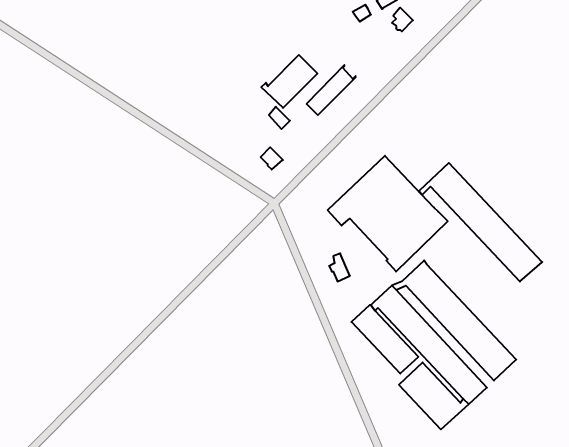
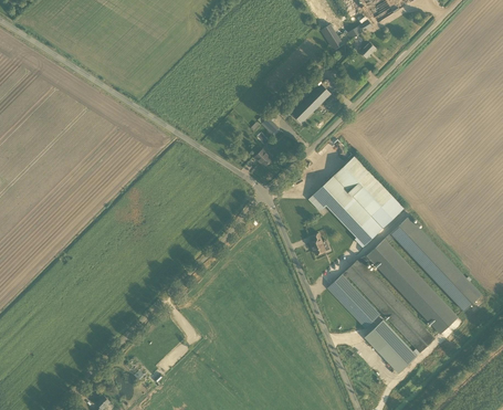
building: [261,55,317,108] -> none
building: [419,163,542,282] -> [384,217,481,311]

